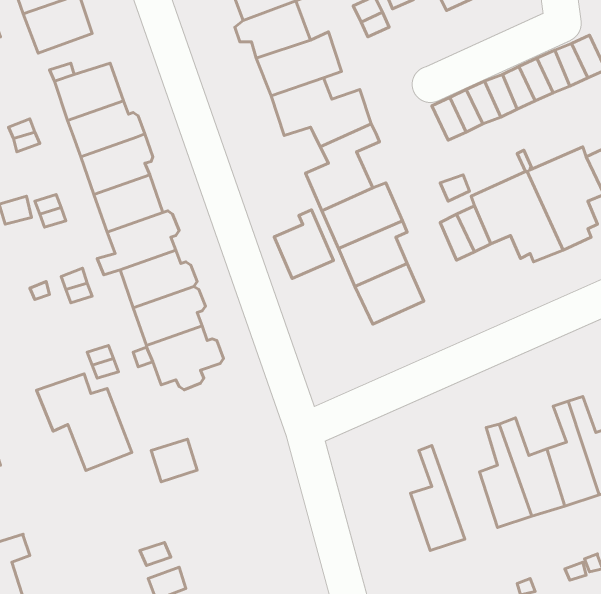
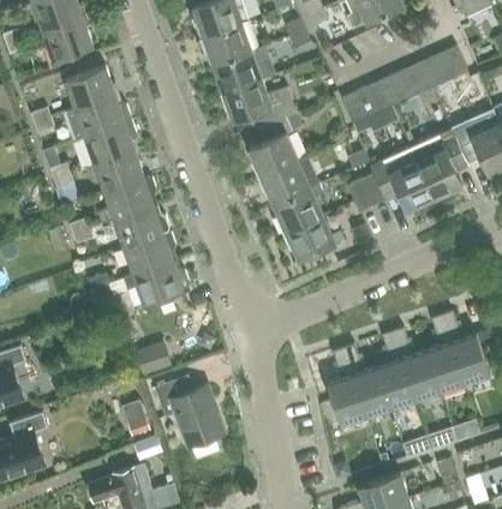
building: [274,210,334,279] -> none
building: [37,374,132,471] -> [153,376,222,447]
building: none -> [341,345,389,417]

